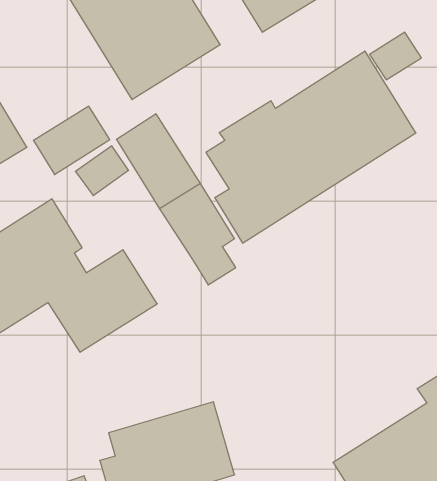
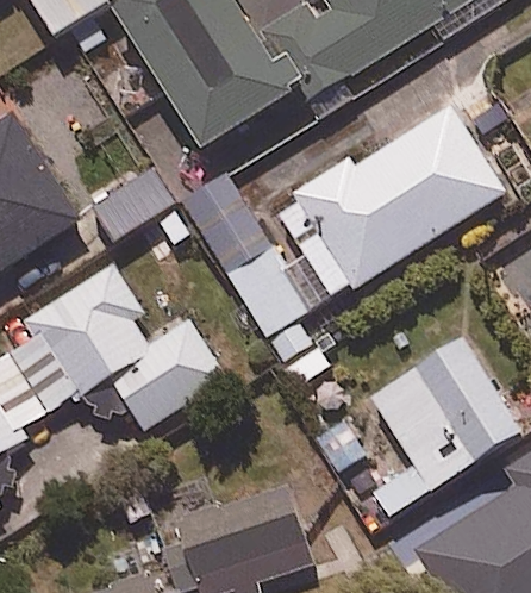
building: none -> [371,341,521,516]

